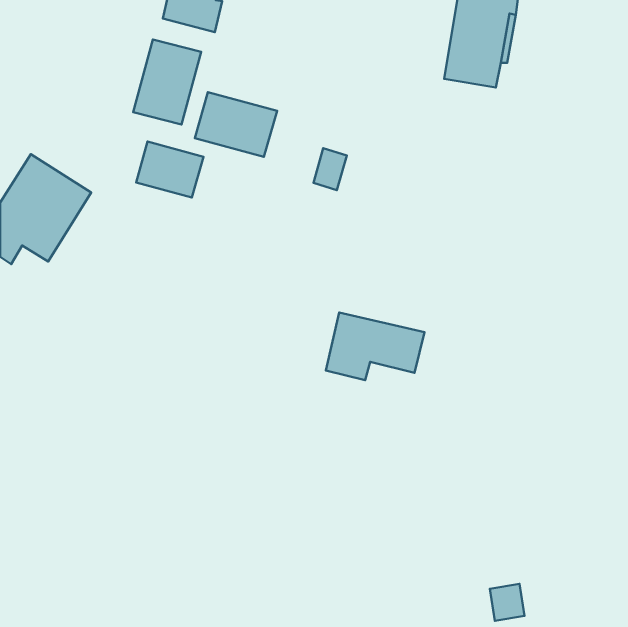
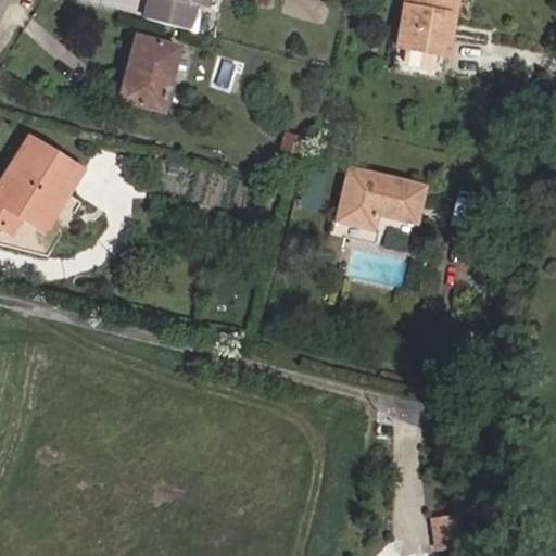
building: [195,92,277,157] -> none
building: [136,142,203,198] -> none
building: [326,312,424,380] -> [339,167,426,227]

